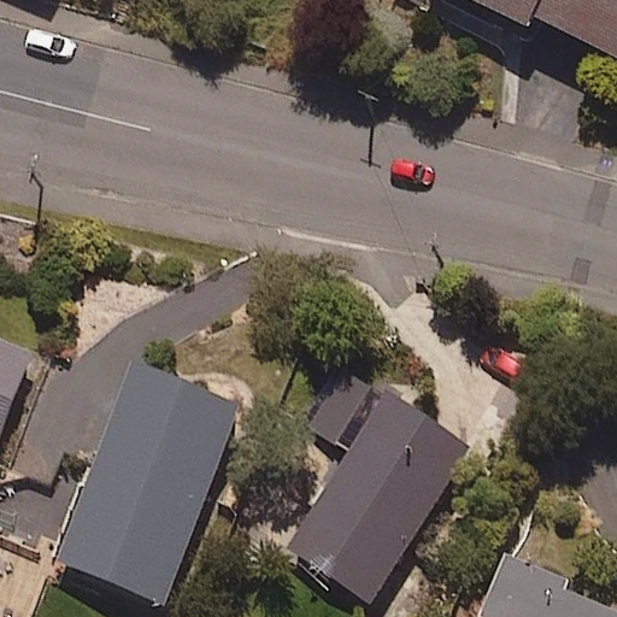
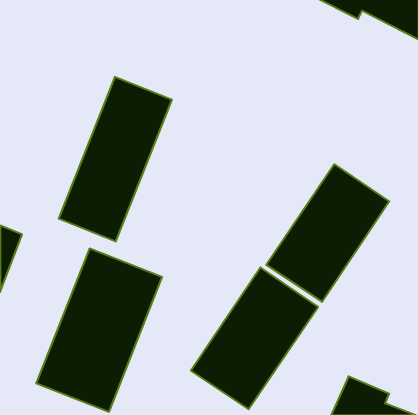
building: none -> [59,77,172,242]
building: none -> [266,164,389,302]

